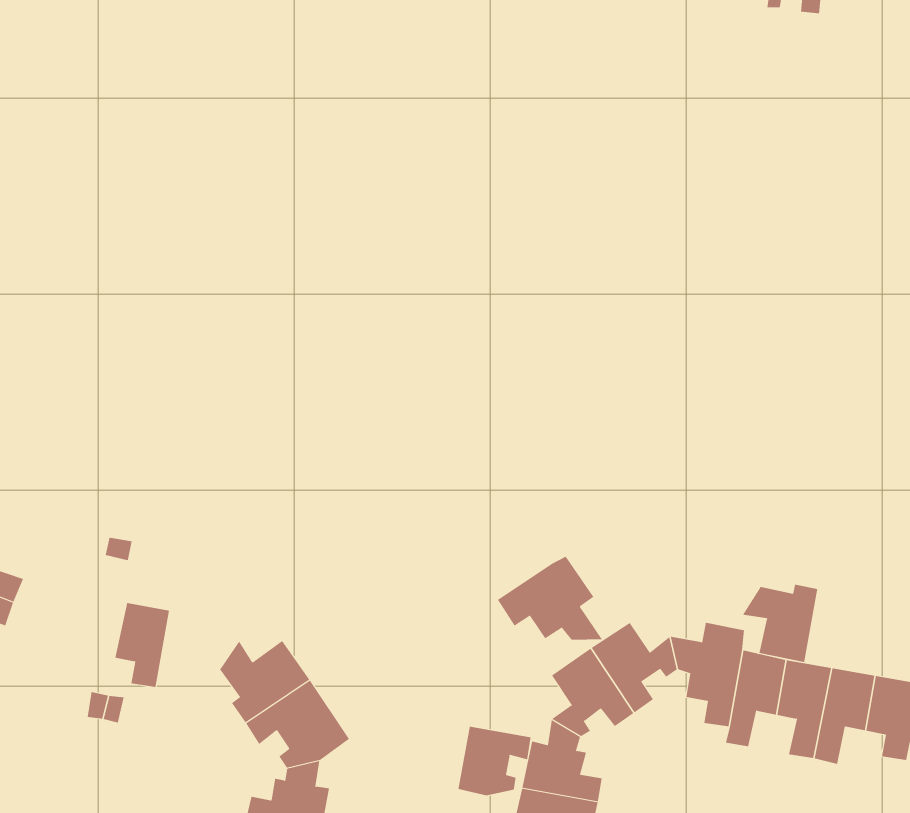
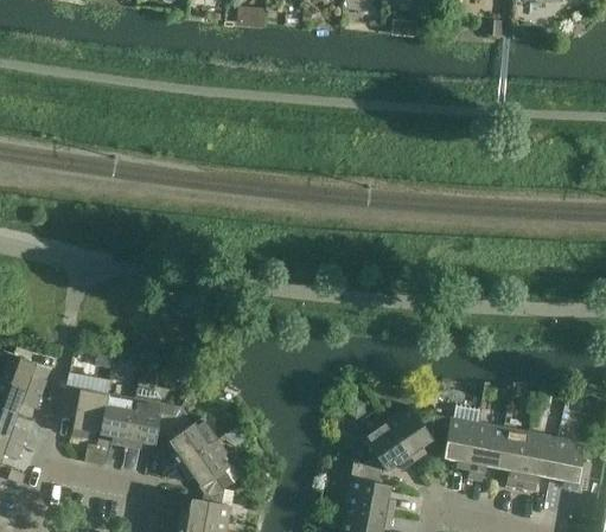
building: [497,556,603,640] -> none
building: [742,584,818,663] -> none
building: none -> [60,385,108,437]
building: none -> [126,387,176,447]
building: [458,726,531,796] -> none

